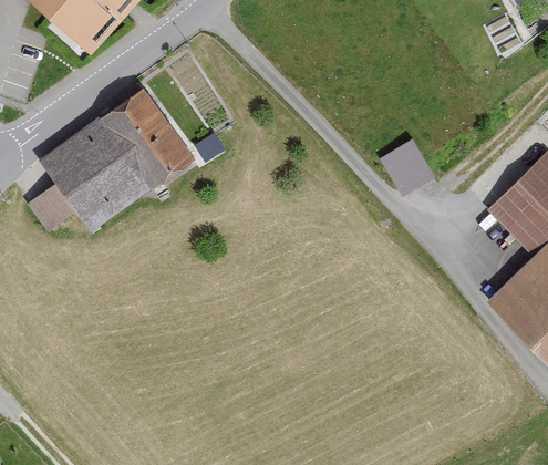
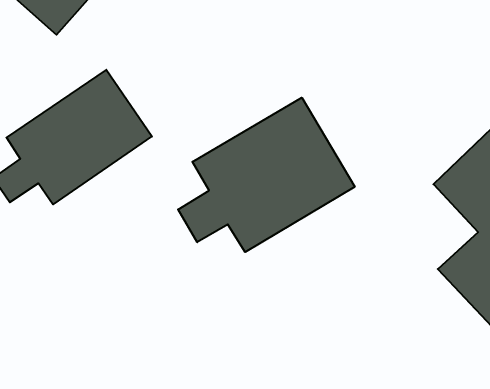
building: none -> [178,98,355,252]
building: [382,138,435,194] -> none

